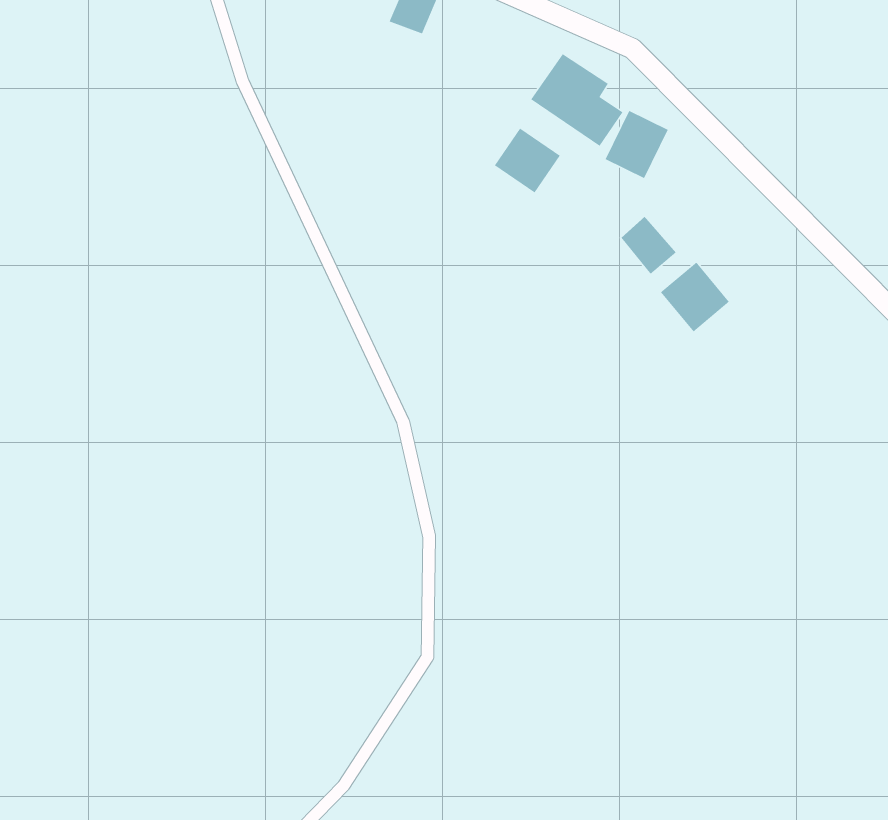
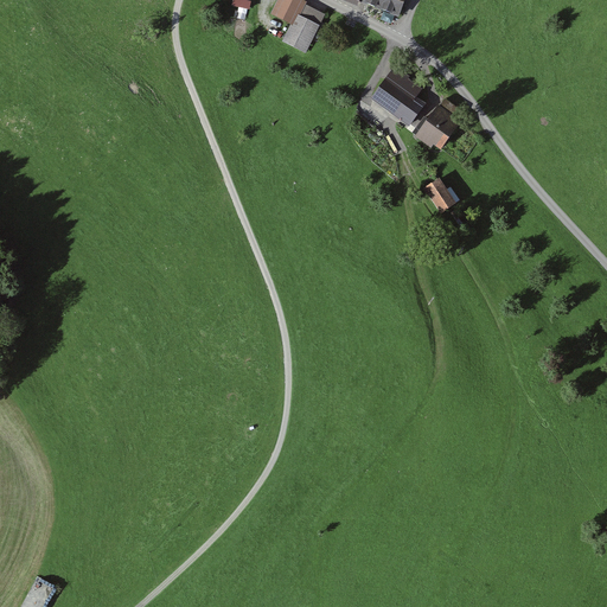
building: [494,128,561,193] -> none
building: [660,262,730,332] -> none

